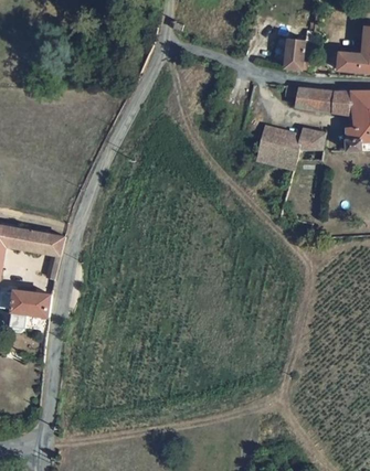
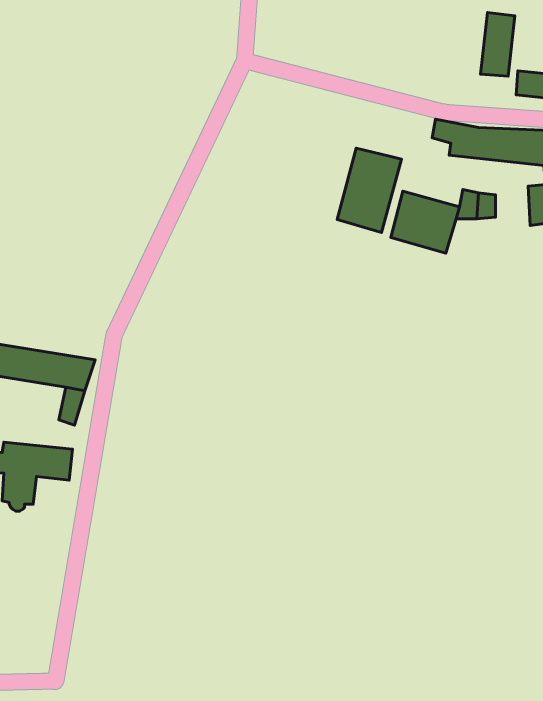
building: [285,29,307,69] -> [481,12,515,76]
building: none -> [337,148,401,232]

